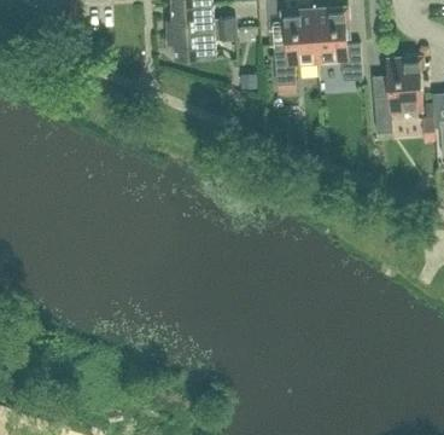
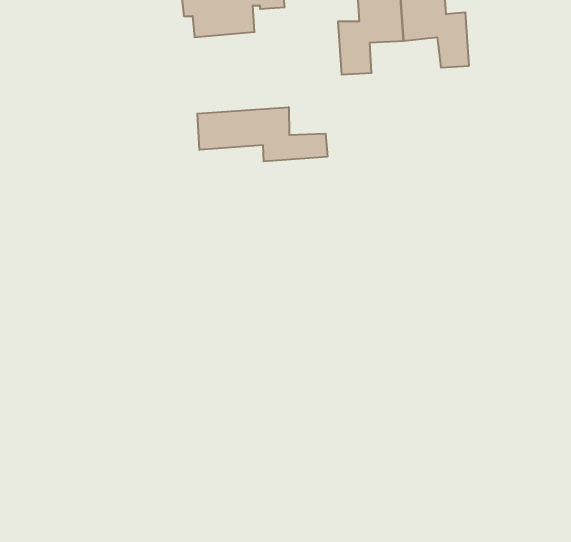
building: [372,57,421,133] -> none
building: none -> [197,107,327,161]

